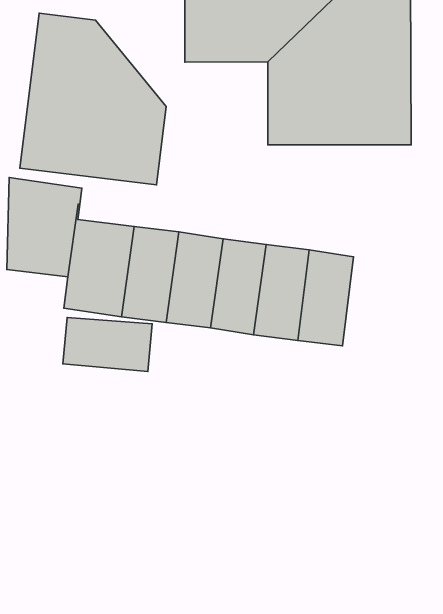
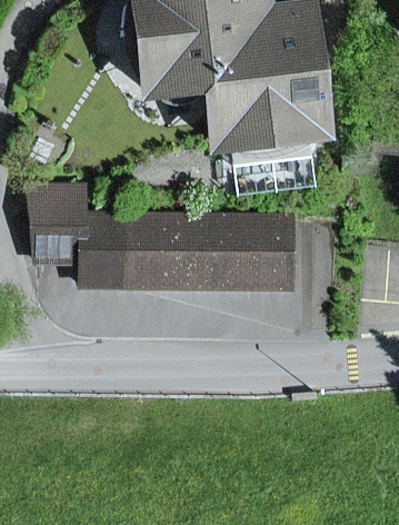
building: [20,13,166,185] -> none

